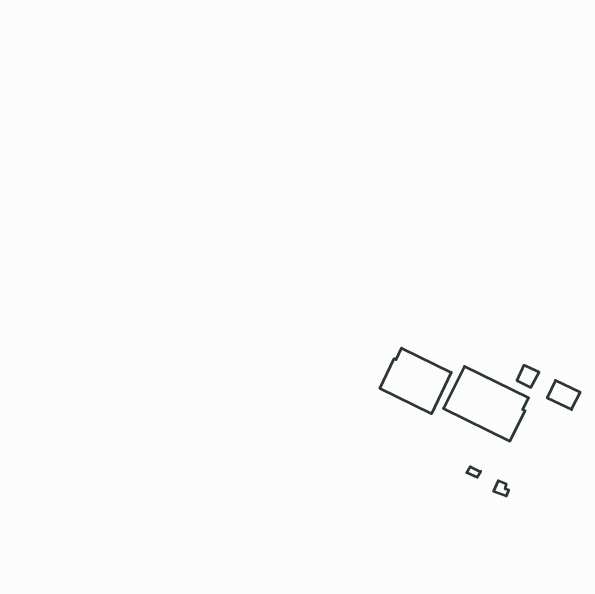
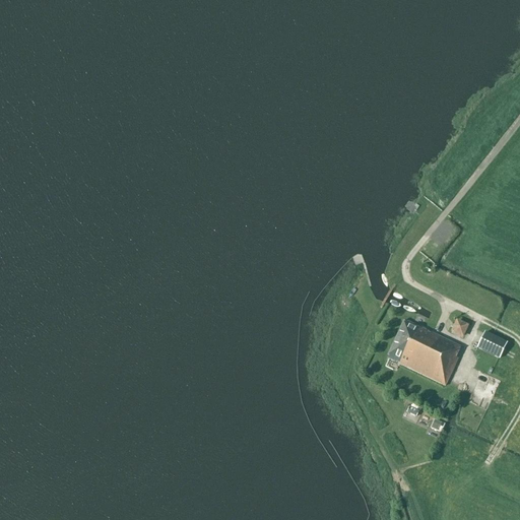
building: [380,348,451,414] -> none

